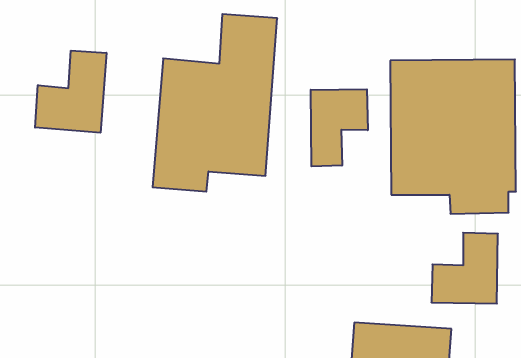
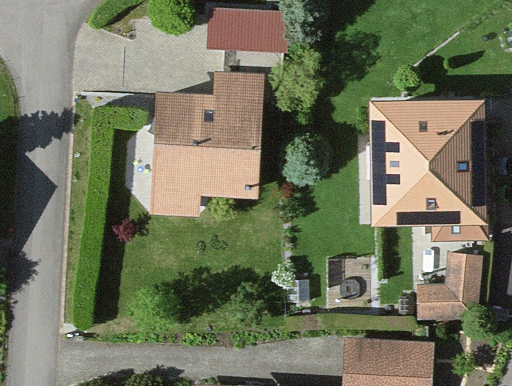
building: [35,51,106,133] -> none
building: [311,89,368,166] -> none

